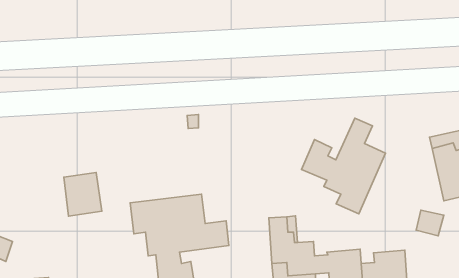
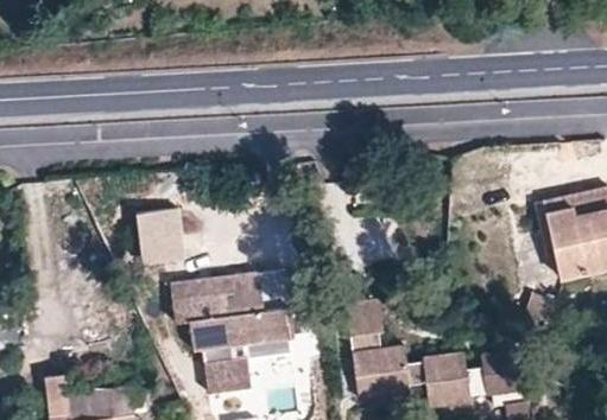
building: [301,118,385,214] -> none
building: [64,172,102,216] -> [135,211,183,266]

